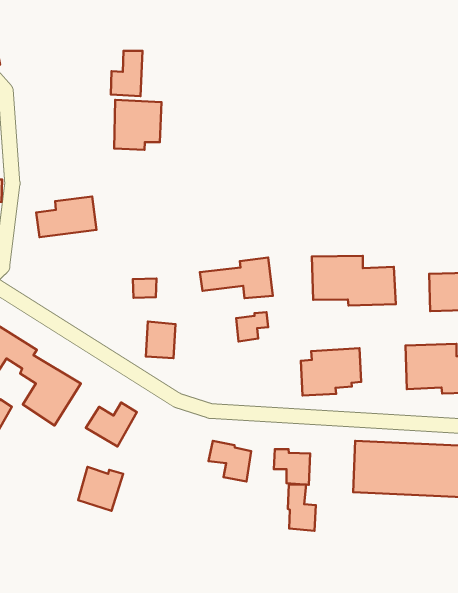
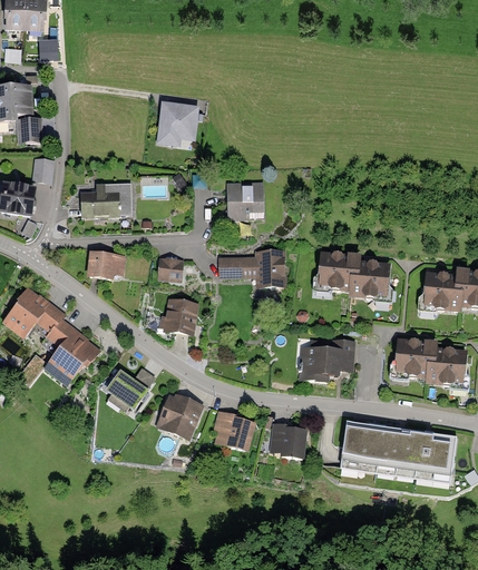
building: [111,51,142,96] -> none
building: none -> [226,186,263,217]
building: none -> [88,253,121,277]
building: [236,312,268,341] -> none
building: [78,467,123,511] -> [157,395,199,436]
building: [288,484,316,531] -> none

